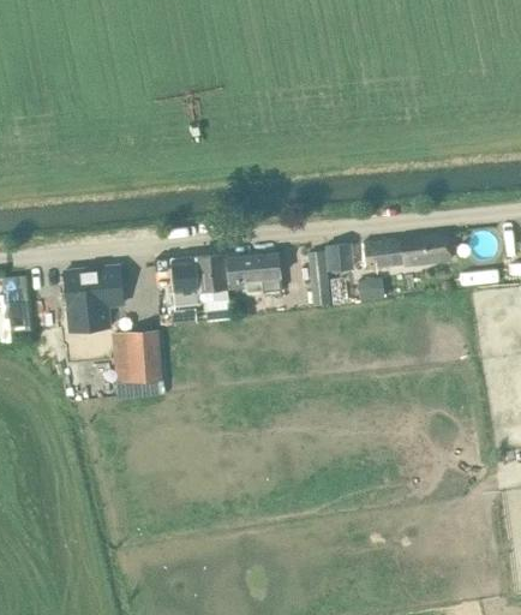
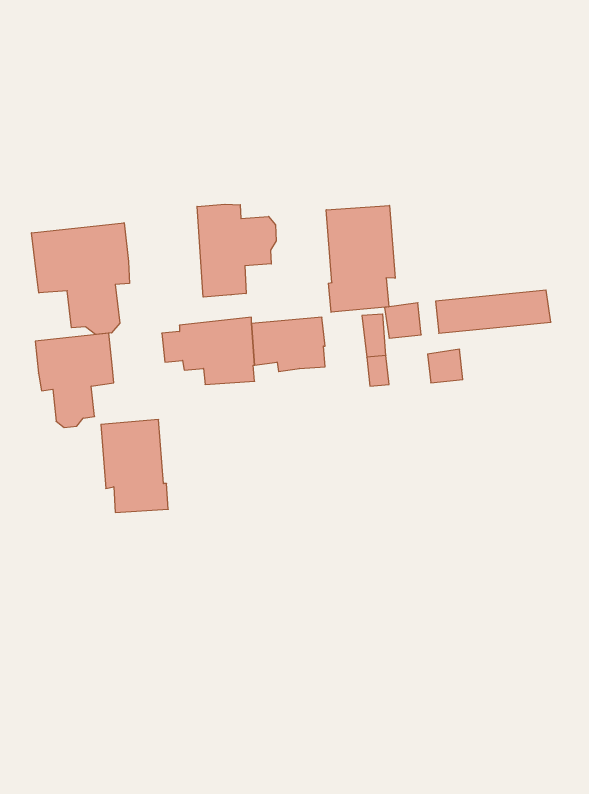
building: none -> [197,204,276,297]
building: none -> [326,205,395,312]
building: none -> [32,223,129,334]

